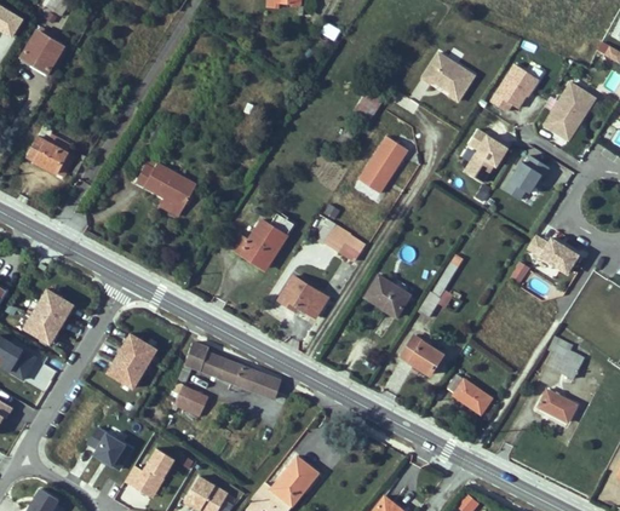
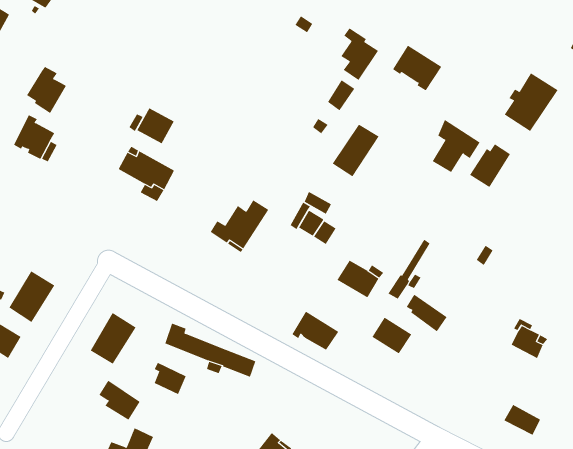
building: [21,25,63,75] -> [26,66,67,114]
building: none -> [341,28,379,81]
building: [495,67,538,109] -> none
building: none -> [137,107,175,144]
building: [539,237,584,276] -> none
building: [279,275,328,316] -> [292,311,339,351]
building: [448,374,492,414] -> [406,294,448,332]
building: [538,389,576,421] -> [504,404,541,436]
building: [80,423,124,465] -> [99,380,140,420]

